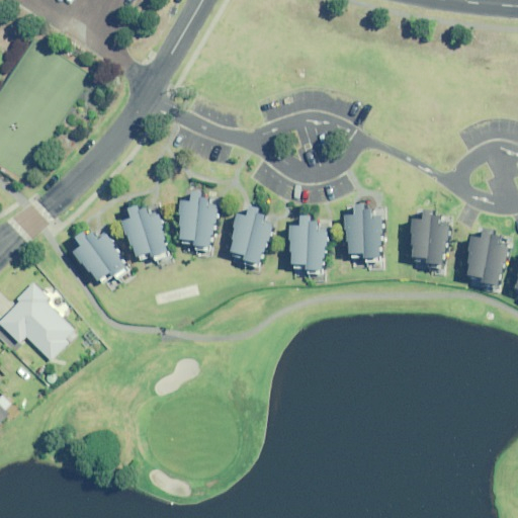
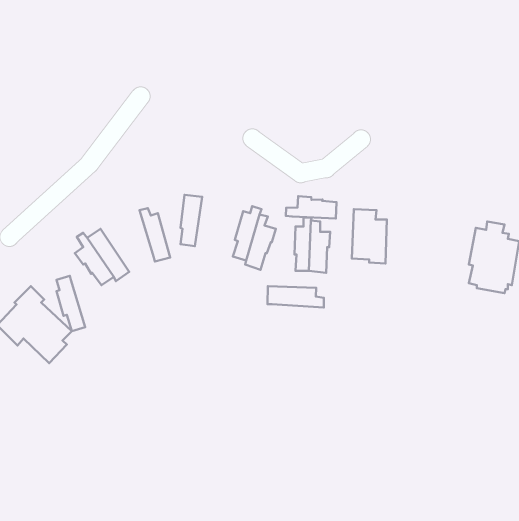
building: none -> [286,196,336,218]
building: [192,194,214,249] -> none
building: [123,203,152,258] -> [56,276,85,331]
building: [406,205,450,270] -> none
building: none -> [267,286,324,307]

